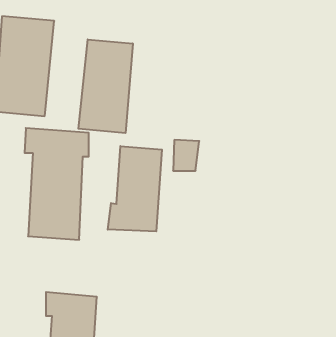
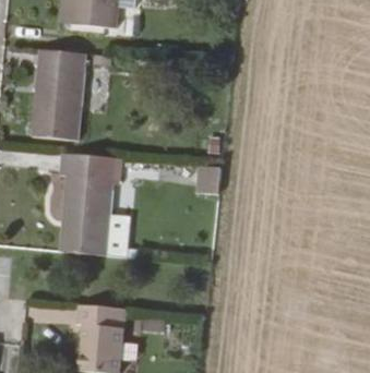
building: [78,39,133,133] -> none
building: [108,146,162,231] -> none

